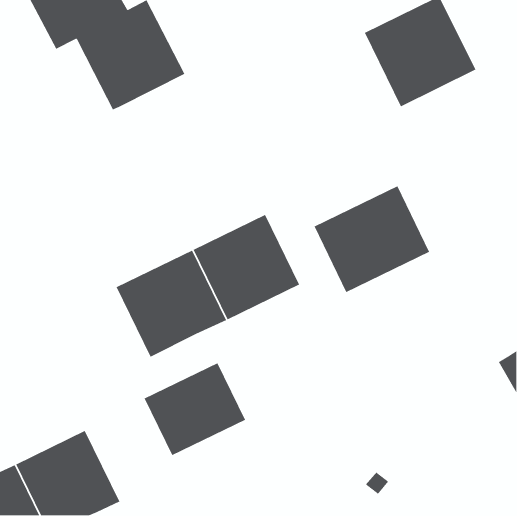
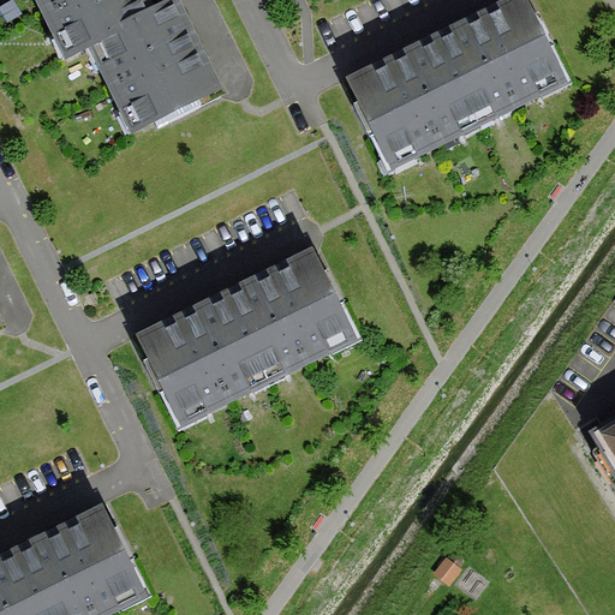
building: none -> [347,38,474,168]
building: [313,185,430,293] -> none
building: [144,362,246,456] -> none

